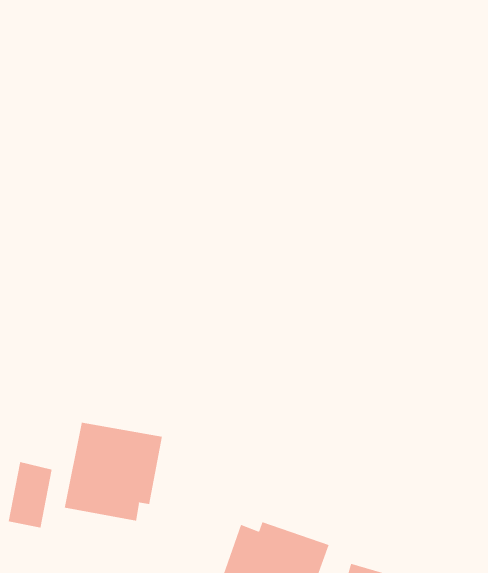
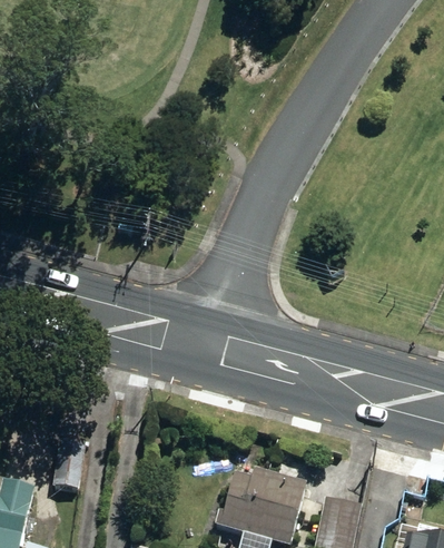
building: [64,422,163,522] -> none

